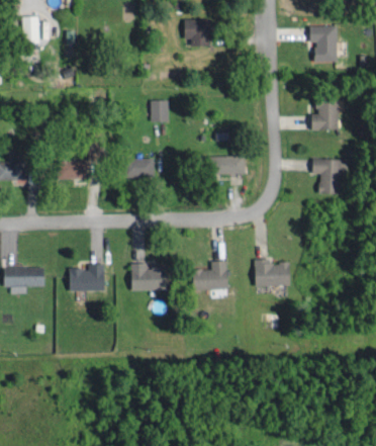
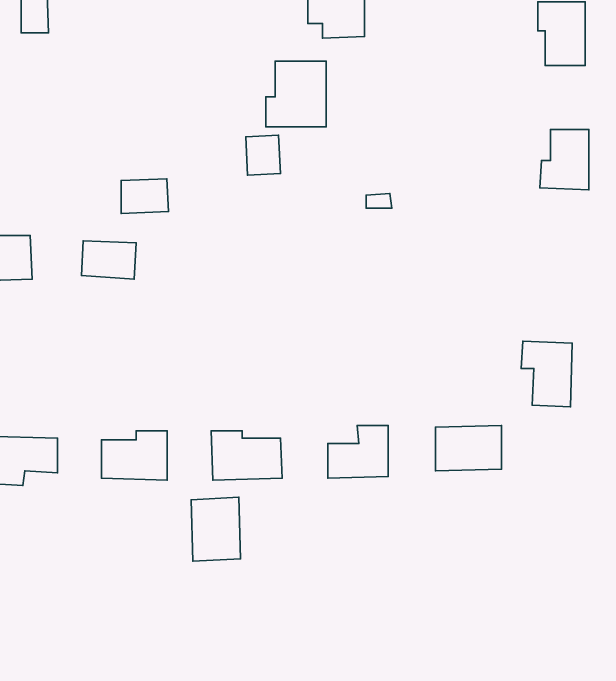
building: none -> [266,61,326,127]
building: [216,156,245,175] -> none
building: [127,159,154,178] -> [121,179,169,213]
building: [312,159,341,195] -> [521,341,572,407]
building: none -> [191,497,240,561]

